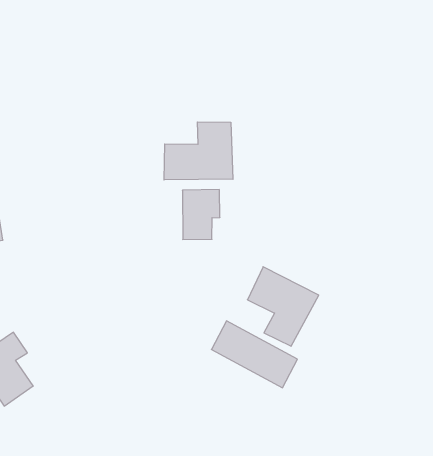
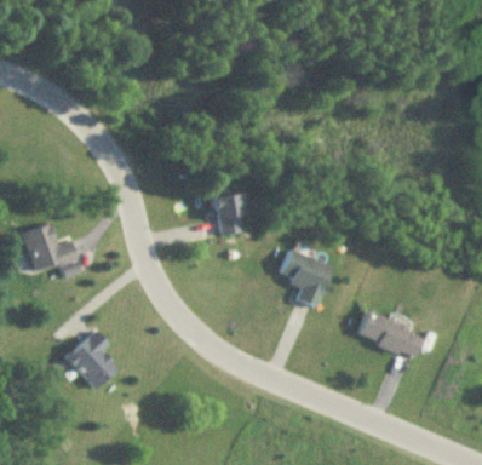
building: [164,122,233,180] -> none
building: [211,321,297,388] -> [356,311,425,357]

